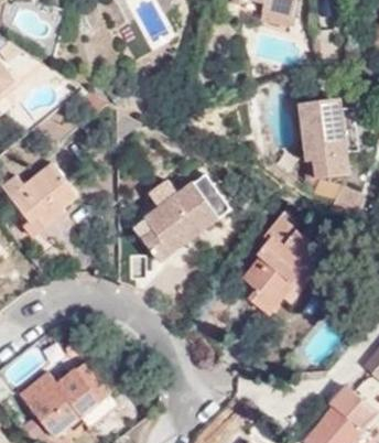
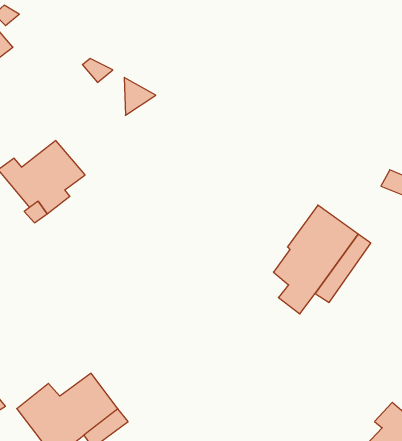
building: [301,97,348,175] -> none
building: [132,175,219,257] -> none

